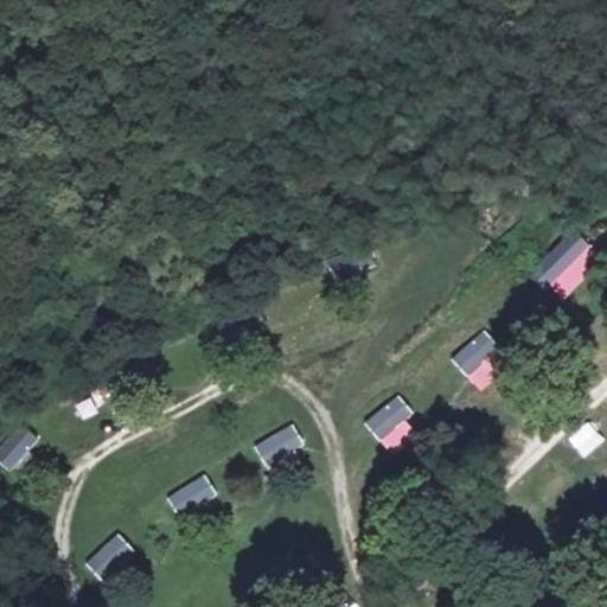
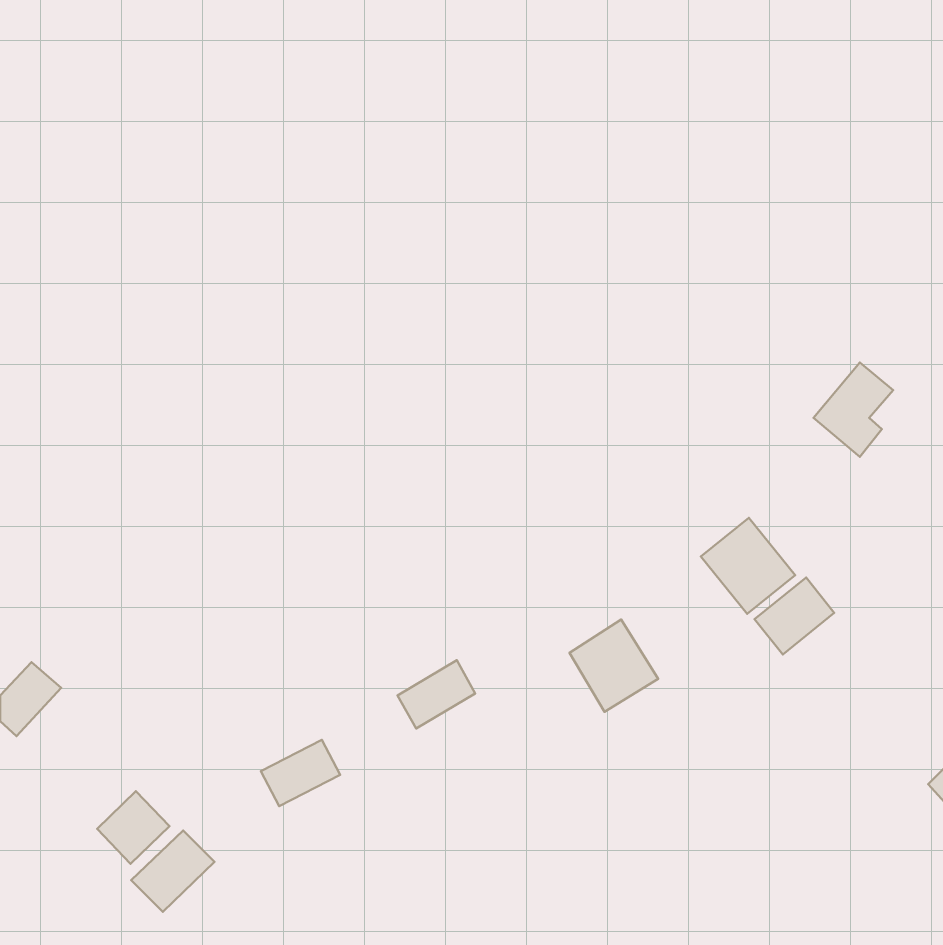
building: none -> [755,578,834,655]
building: none -> [97,791,169,864]

